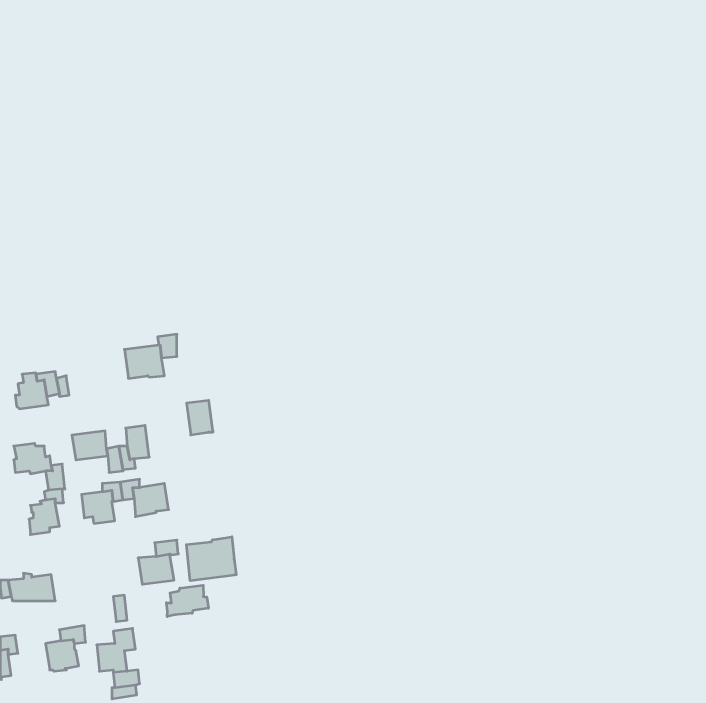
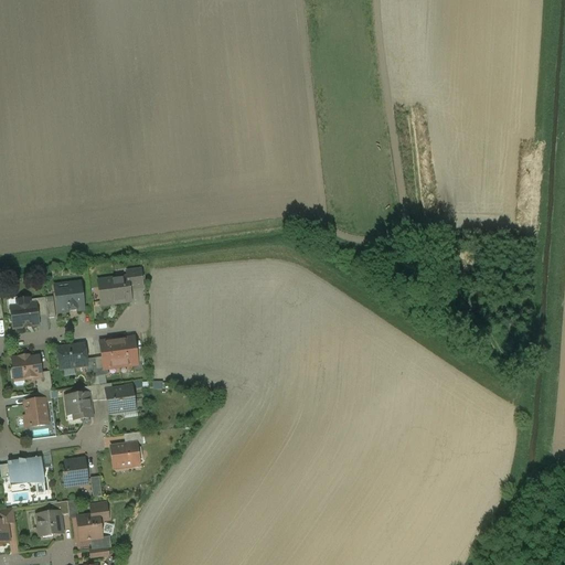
building: none -> [55,282,84,311]
building: [187,400,213,435] -> [116,338,137,365]
building: [186,537,236,581] -> none
building: none -> [63,459,87,486]
building: [166,585,208,617] -> none

